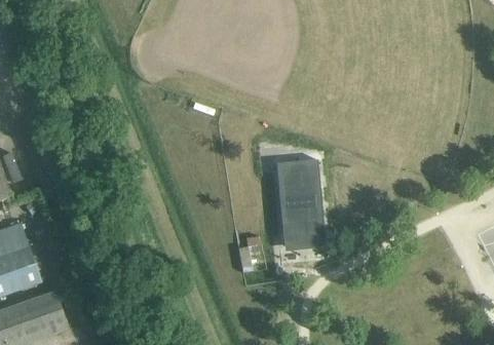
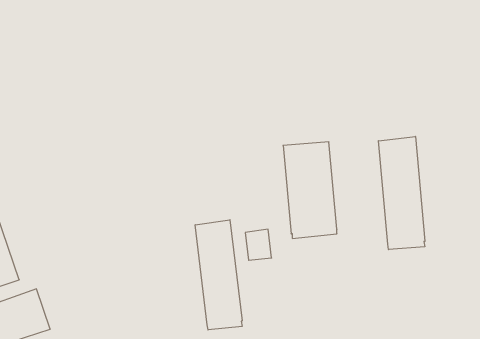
building: none -> [378,136,425,250]
building: none -> [195,220,242,330]

